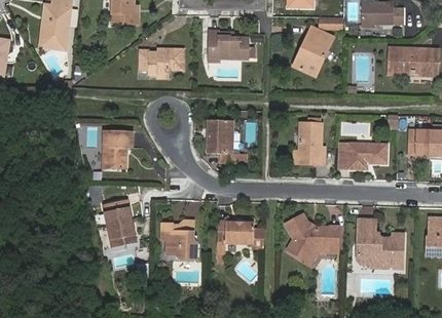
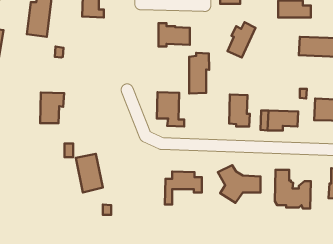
building: [139,48,183,74] -> none
building: none -> [189,53,209,93]
building: [102,129,133,168] -> [40,93,64,123]
building: [161,220,196,257] -> none

